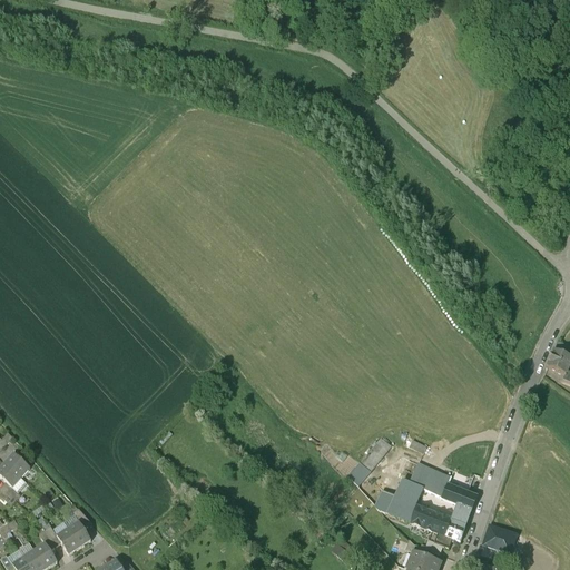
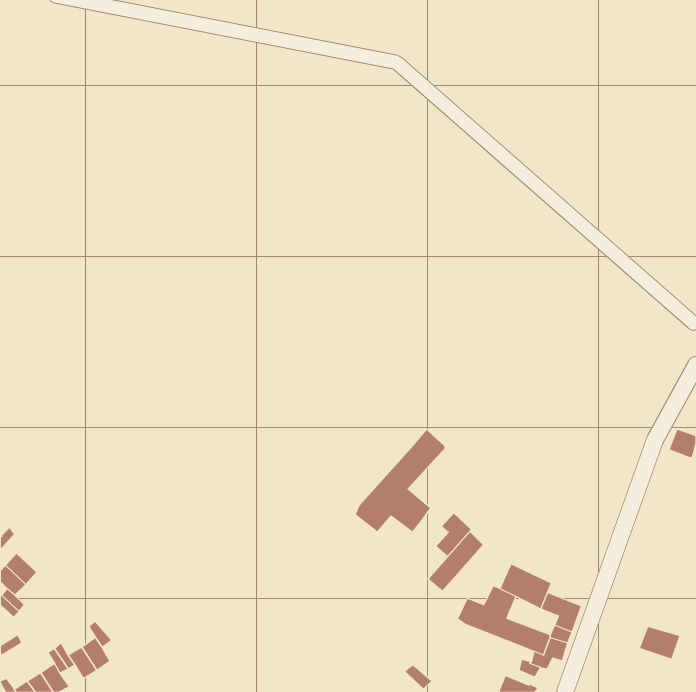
building: none -> [355,429,446,532]
building: none -> [436,513,472,556]
building: [482,525,515,552] -> [639,626,680,659]

